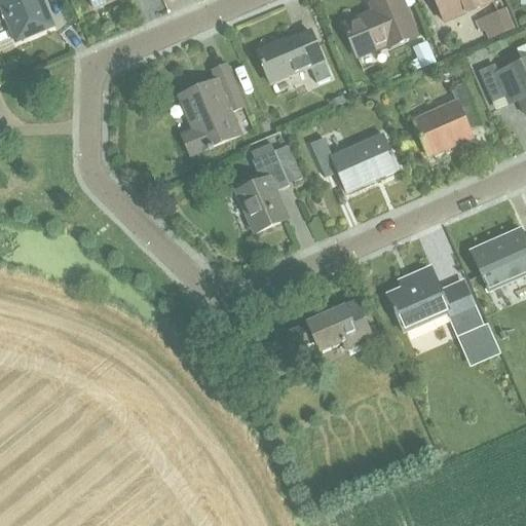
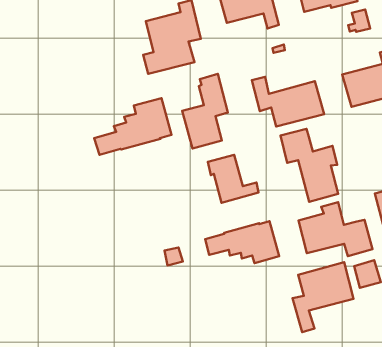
building: none -> [94,98,171,155]
building: none -> [280,129,338,202]
building: none -> [208,155,259,203]
building: none -> [292,262,353,332]

